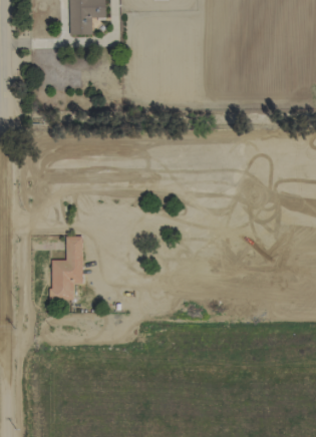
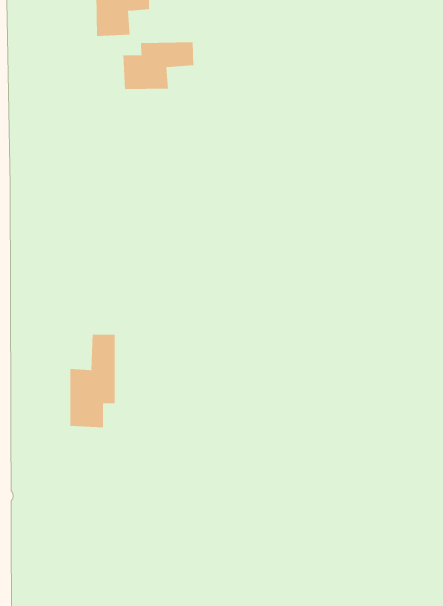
building: none -> [123,42,194,90]

